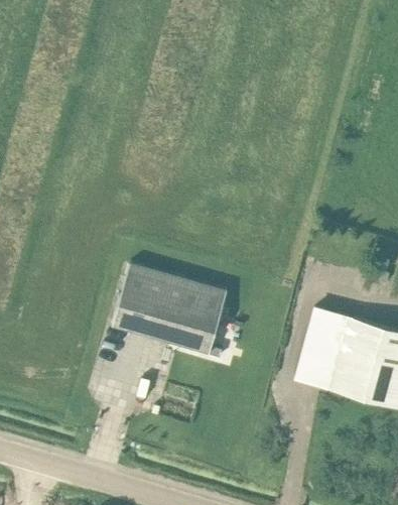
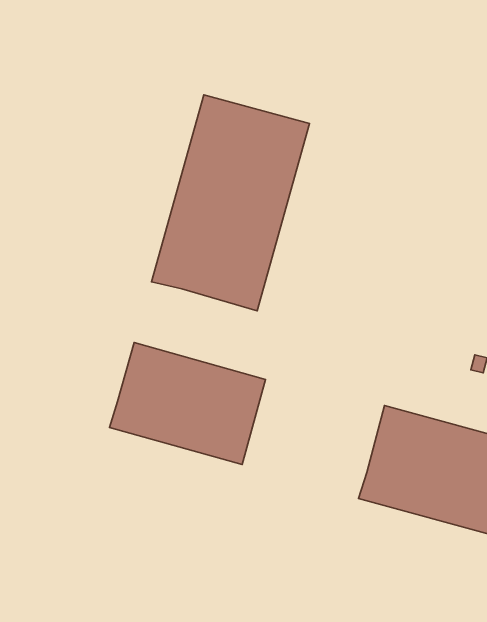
building: none -> [152,95,309,311]

